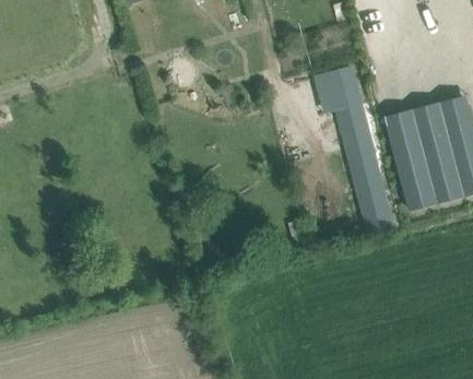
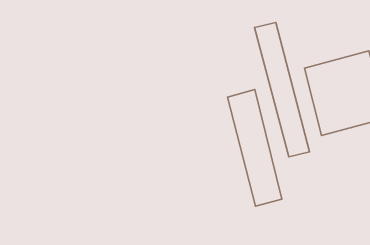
building: none -> [228,90,282,206]

